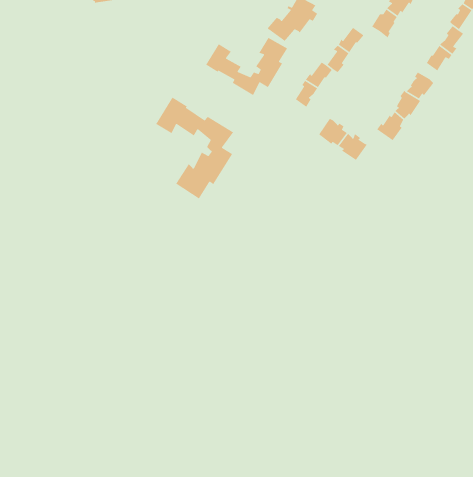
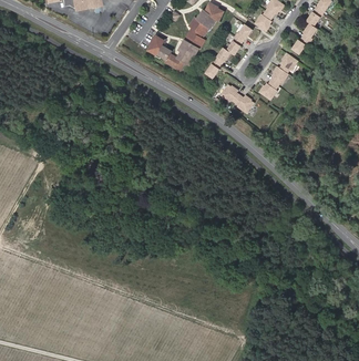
building: [155,97,234,200] -> none

